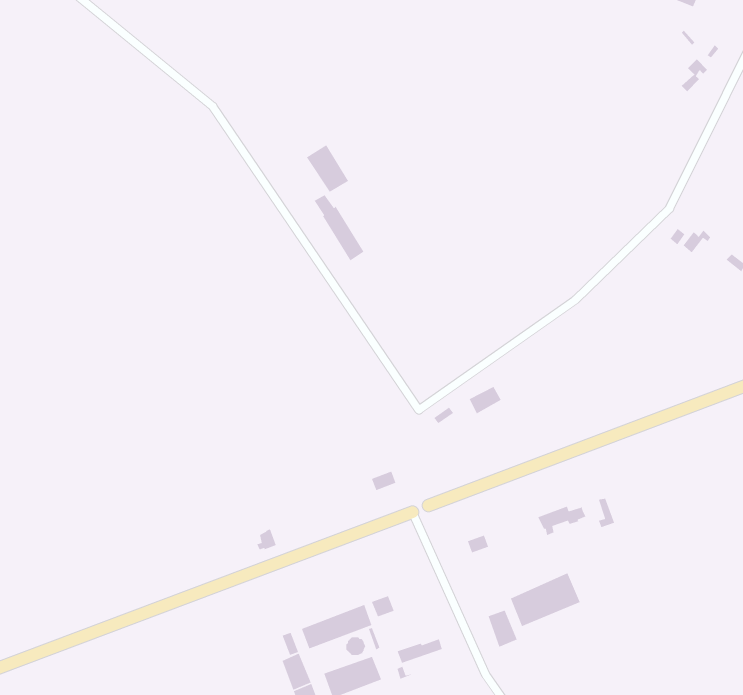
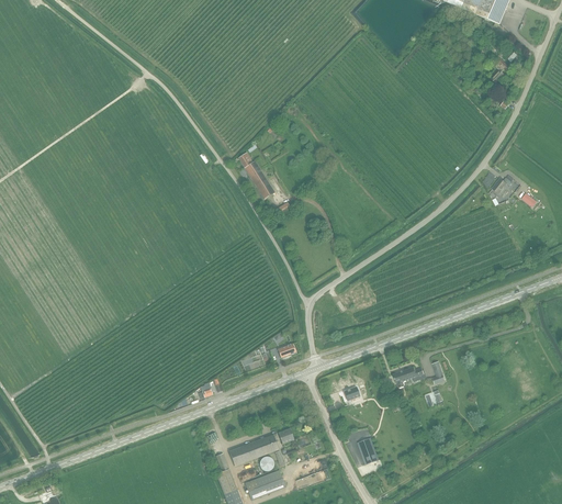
building: [306,144,349,193] -> none
building: [510,572,581,627] -> none

